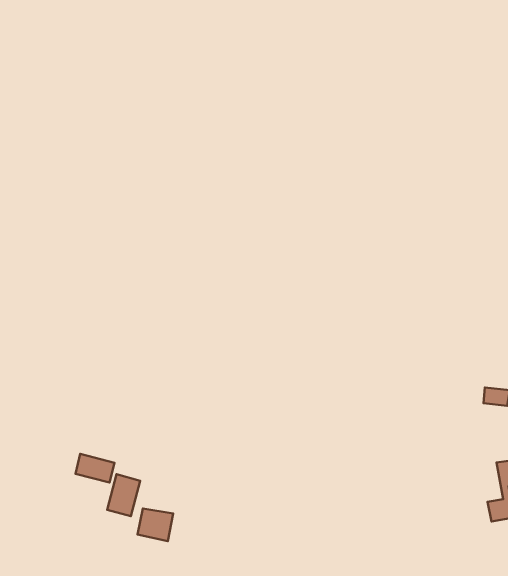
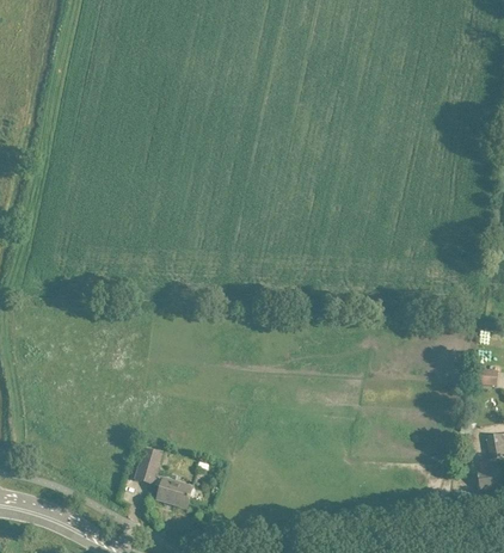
building: [75,454,114,483] -> none

